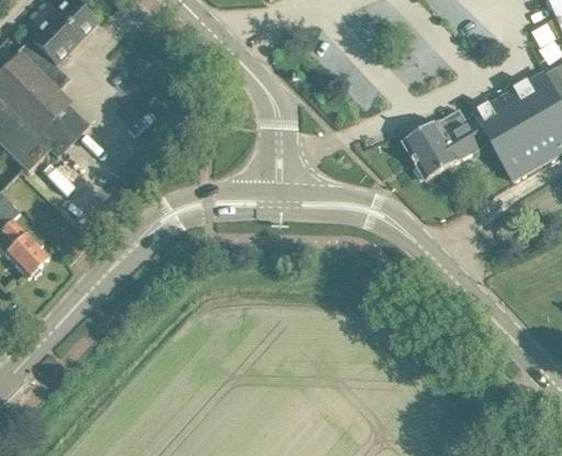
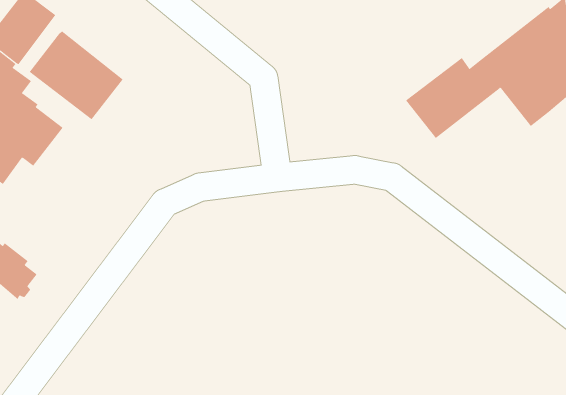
building: none -> [29,31,123,120]

